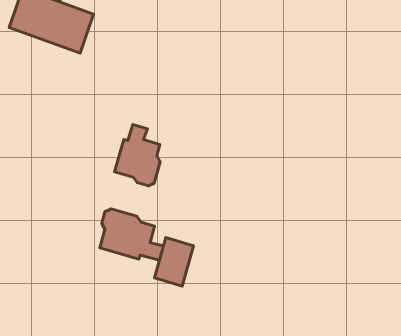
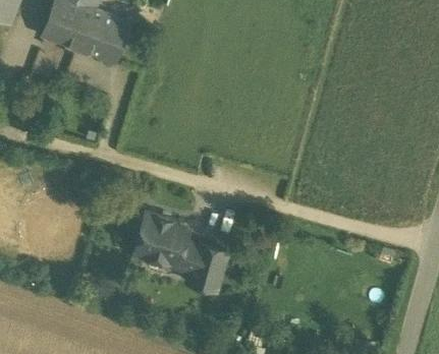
building: [115,125,160,186] -> none

